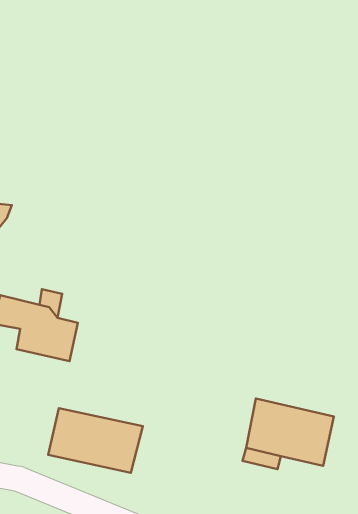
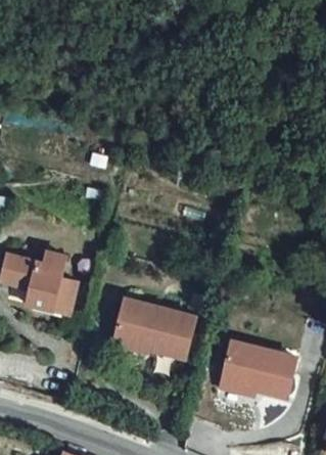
building: [48,408,143,473] -> [111,304,192,359]

